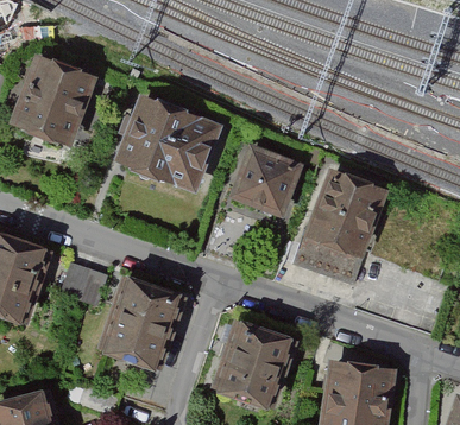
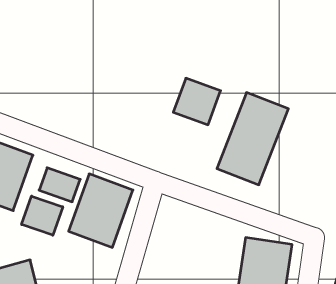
building: [12,52,90,142] -> none
building: [115,94,218,188] -> none
building: none -> [22,196,63,235]
building: [219,317,297,407] -> none

